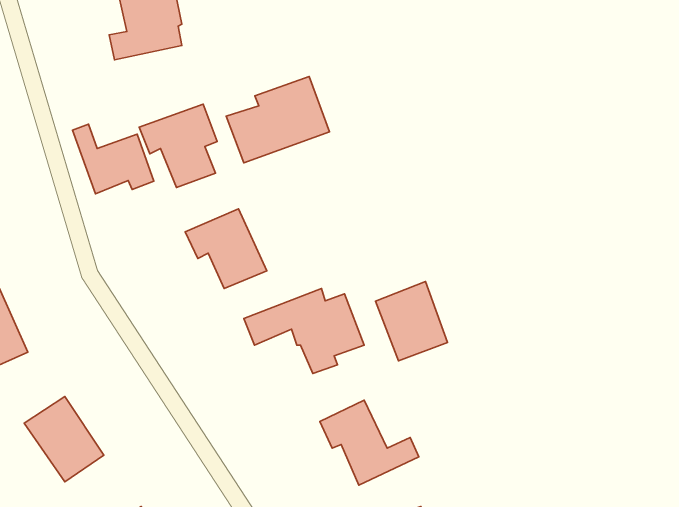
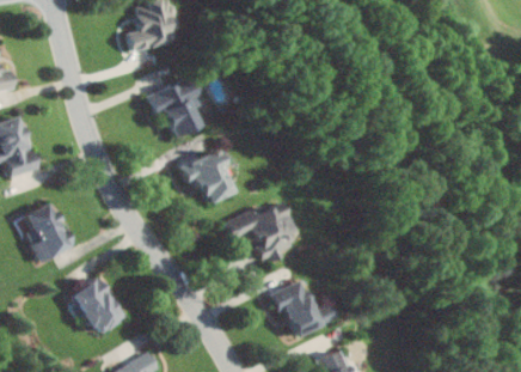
building: [226,77,329,163] -> none
building: [72,124,154,194] -> none
building: [376,281,447,361] -> none

